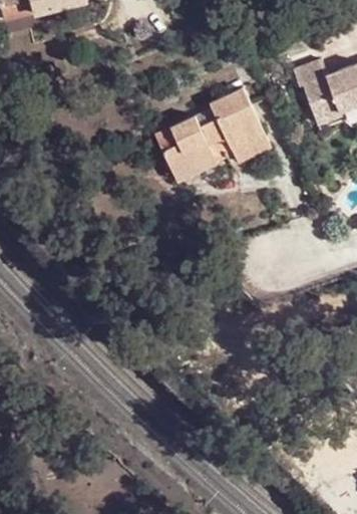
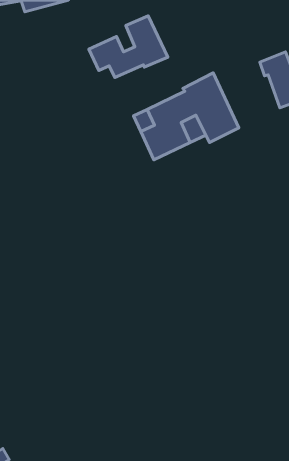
building: none -> [89,16,168,78]

